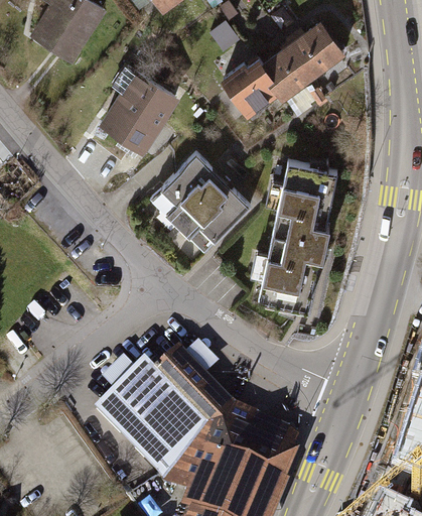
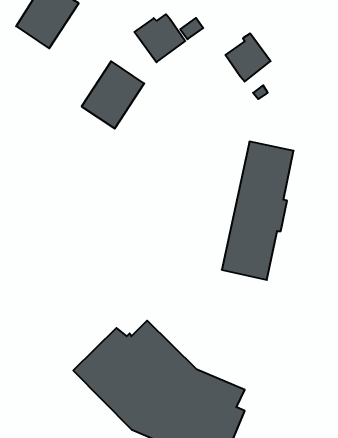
building: [287,22,343,76] -> none
building: [223,60,278,113] -> [134,14,185,62]
building: [149,153,250,253] -> none

